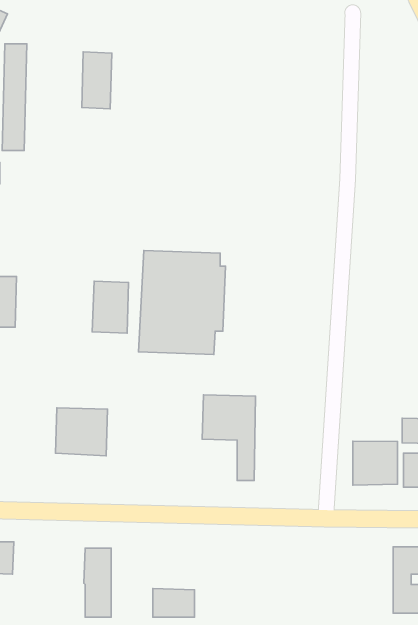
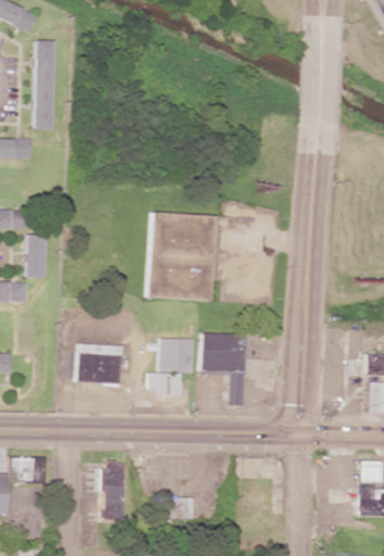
building: [82,52,112,109] -> none
building: [92,281,128,333] -> none
building: none -> [148,339,193,394]
building: [353,441,397,485] -> none

